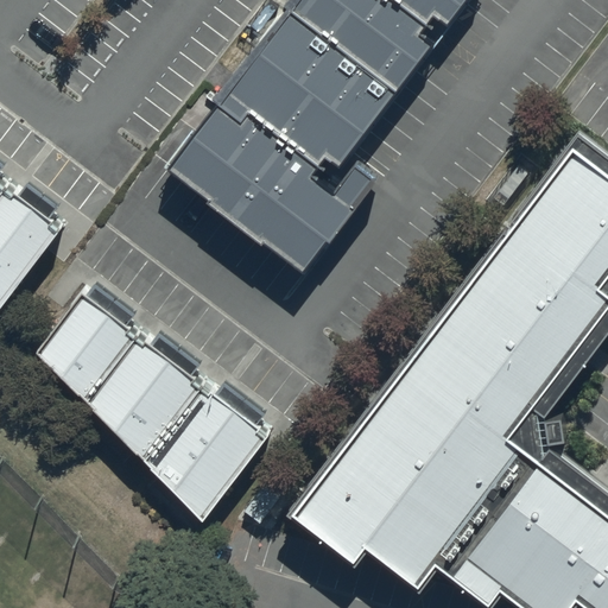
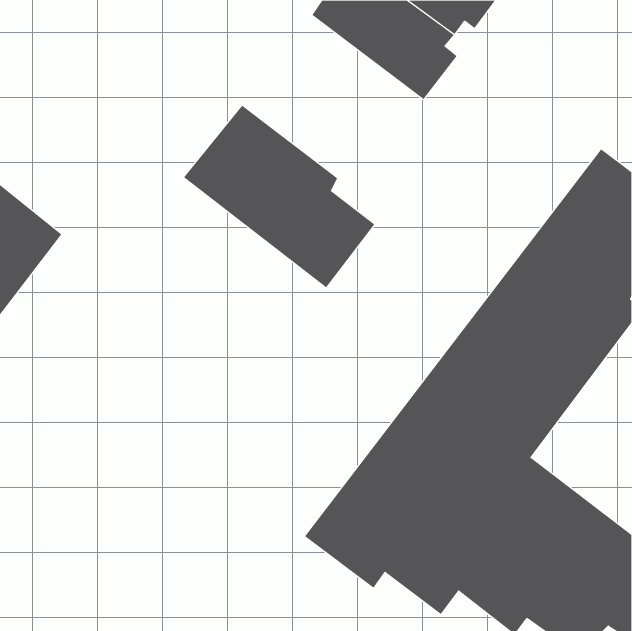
building: [230,20,404,176] -> none
building: [38,292,265,520] -> none

